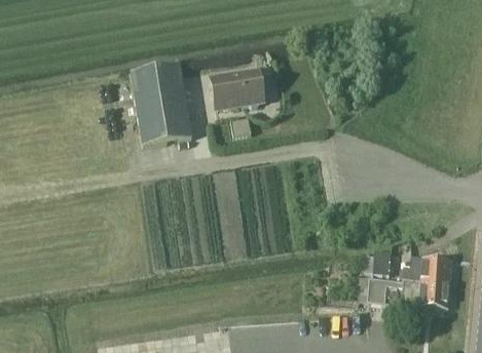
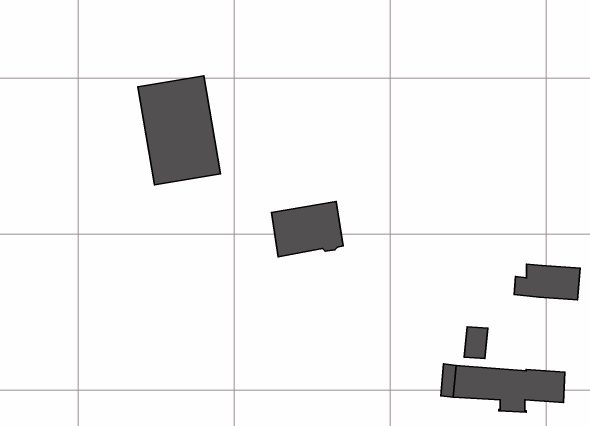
building: [211,66,264,107] -> [271,202,343,257]
building: [402,256,451,282] -> [514,264,580,300]

